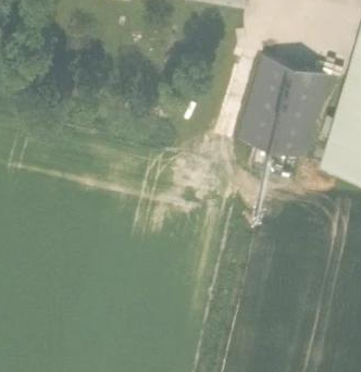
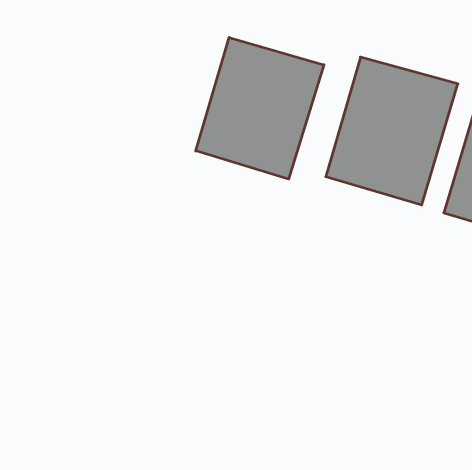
building: none -> [196,37,324,179]

